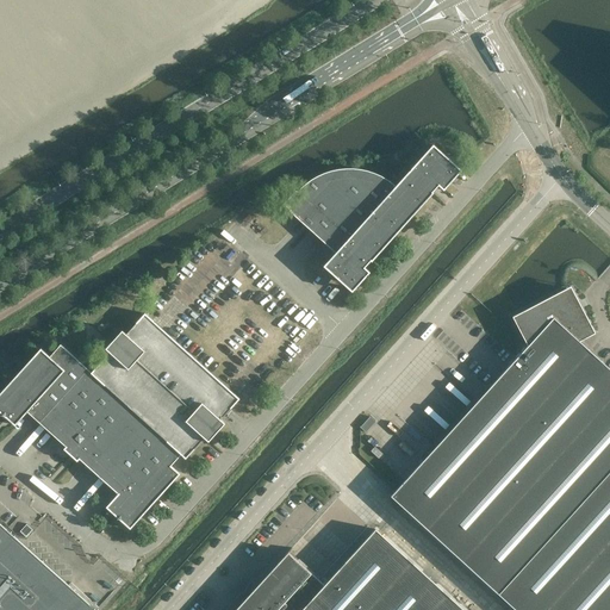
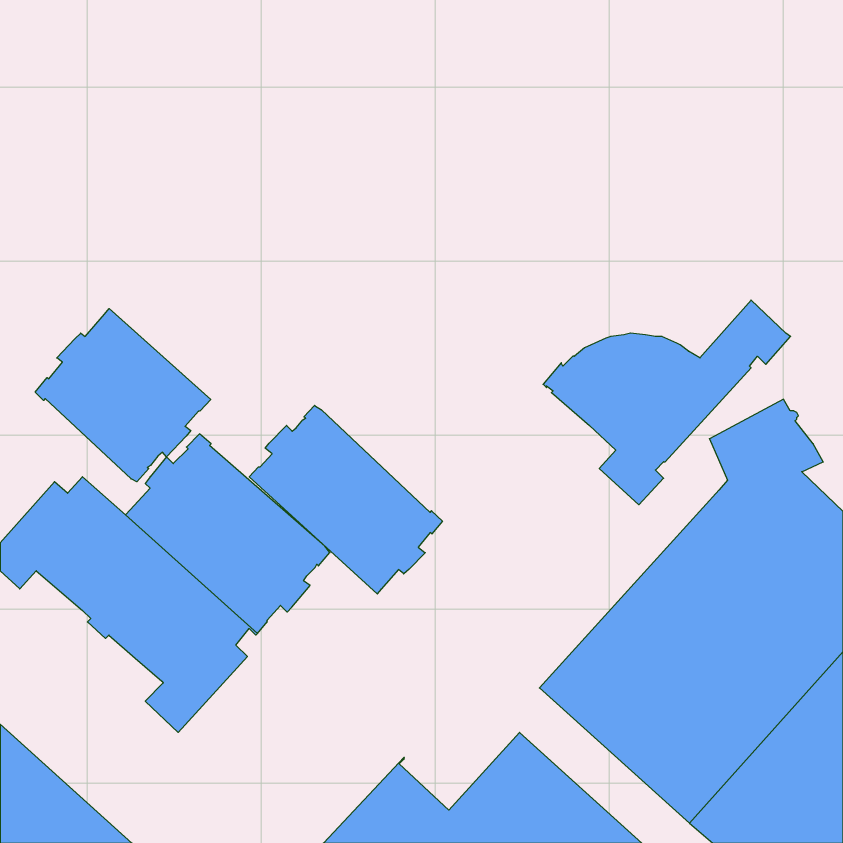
building: [282,144,461,292] -> [543,300,791,505]
building: none -> [35,309,211,482]
building: none -> [249,405,442,594]

